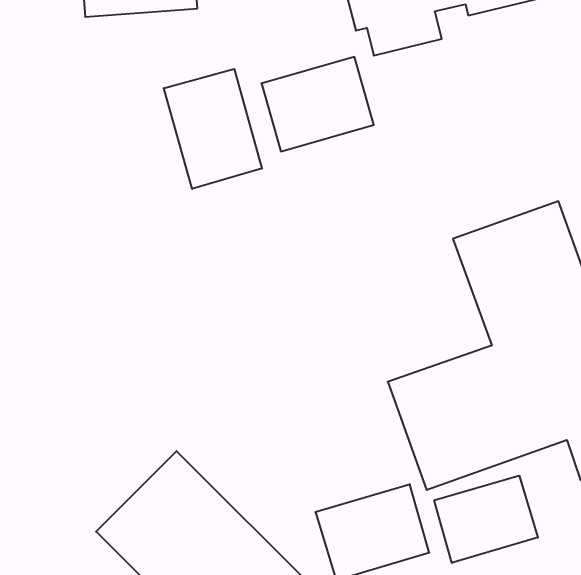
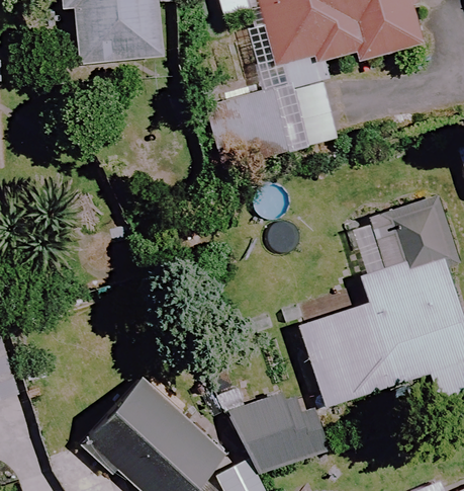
building: [164,69,262,189] -> none
building: [434,476,538,563] -> none

